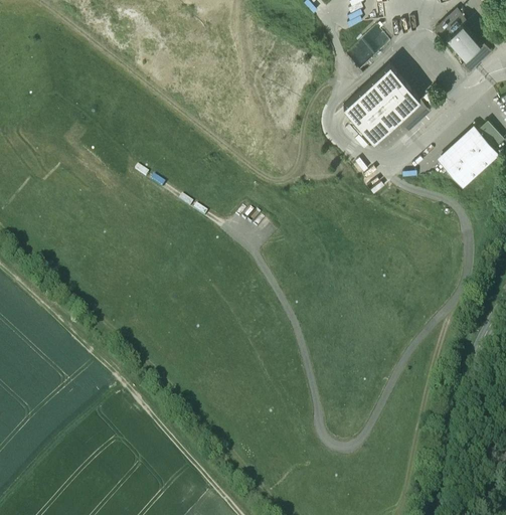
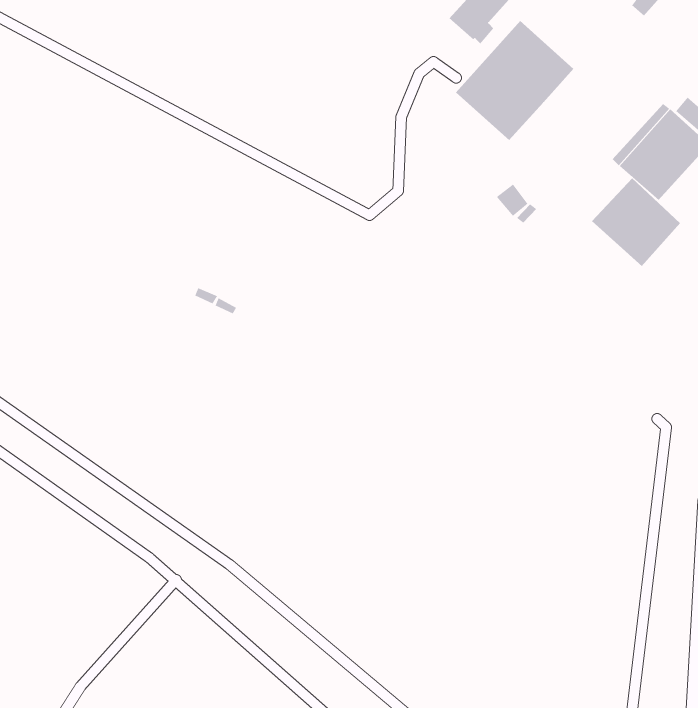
building: [397,100,428,130] -> none
building: none -> [591,178,681,267]

